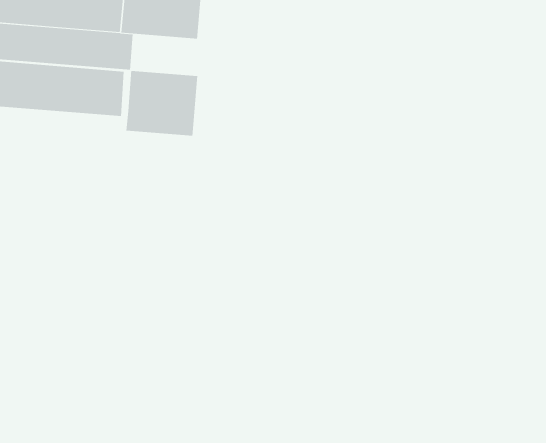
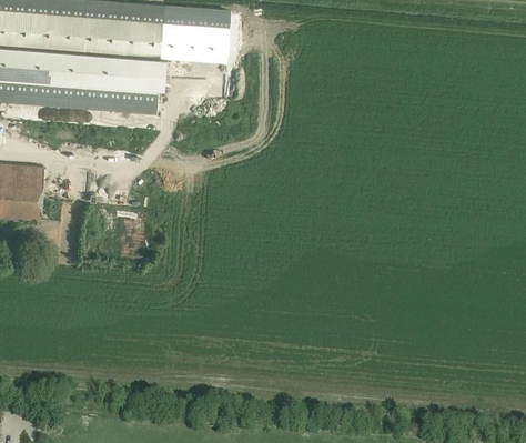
building: [126,70,198,137] -> none

